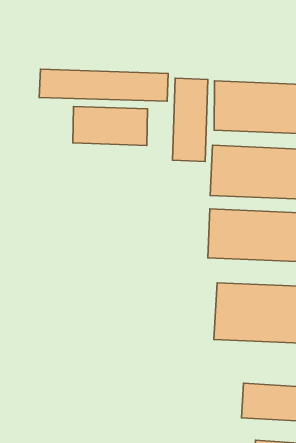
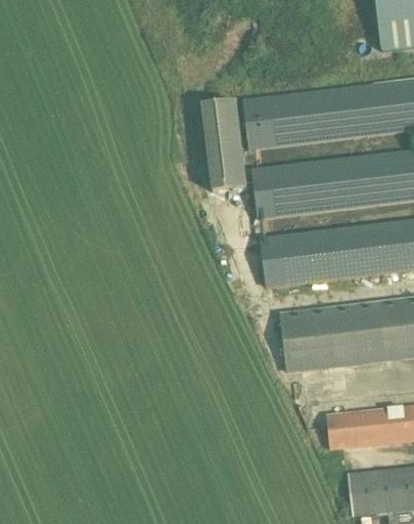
building: [39,69,168,101] -> none
building: [73,106,148,145] -> none

